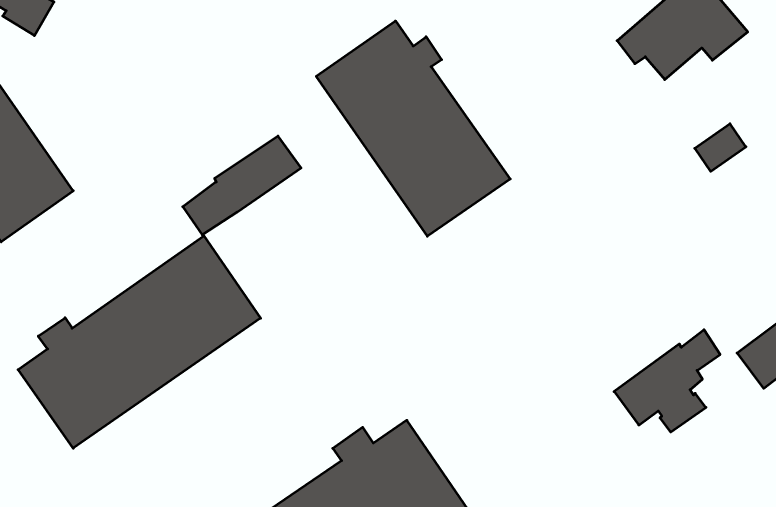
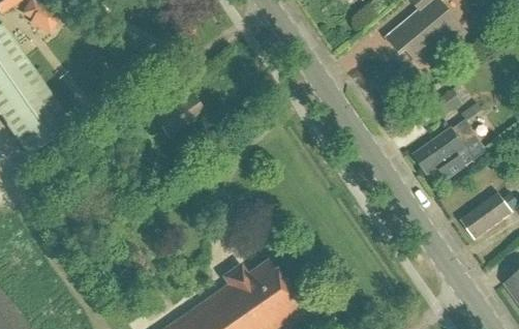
building: [316,21,510,236] -> none
building: [18,236,261,448] -> none
building: [614,330,720,432] -> [416,117,478,177]

